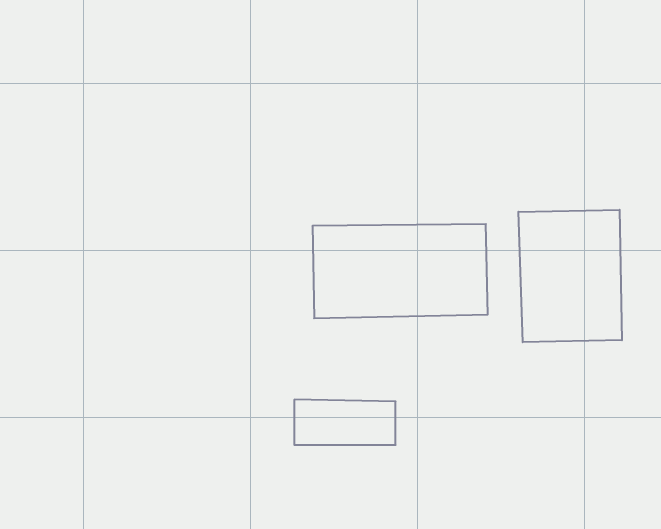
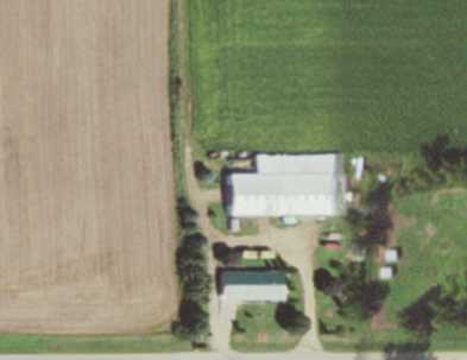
building: [518,210,622,342] -> none

